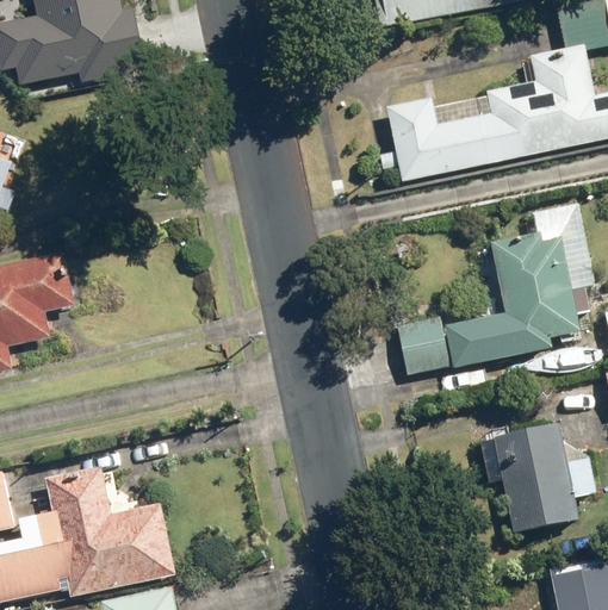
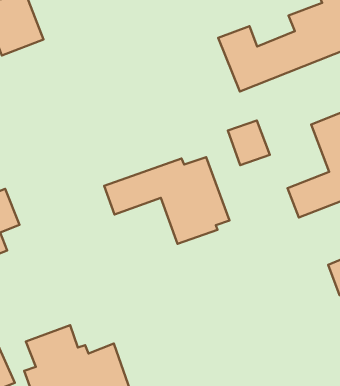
building: none -> [104,157,229,244]
building: [397,316,448,373] -> [228,120,270,165]

